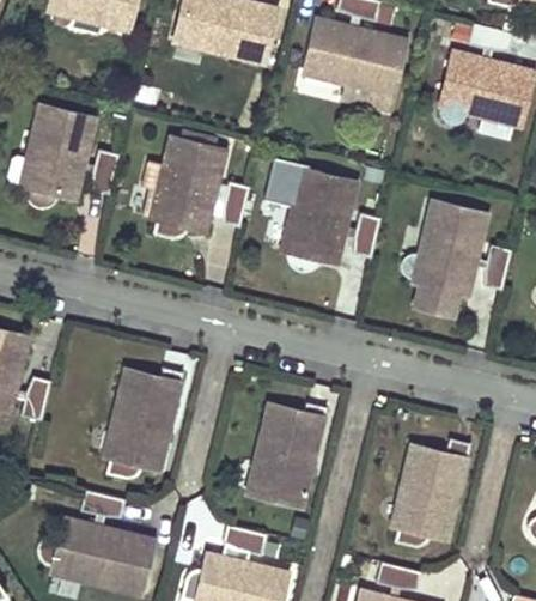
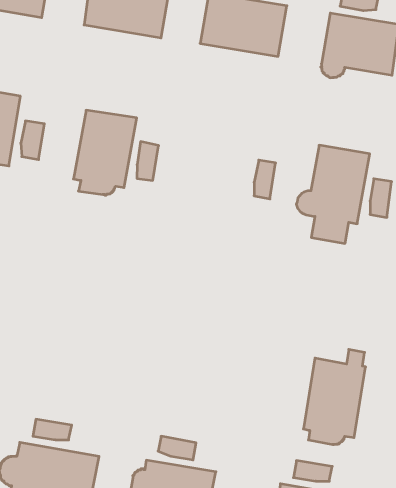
building: [267,162,359,273] -> none
building: [102,363,181,471] -> none
building: [243,407,323,511] -> none

